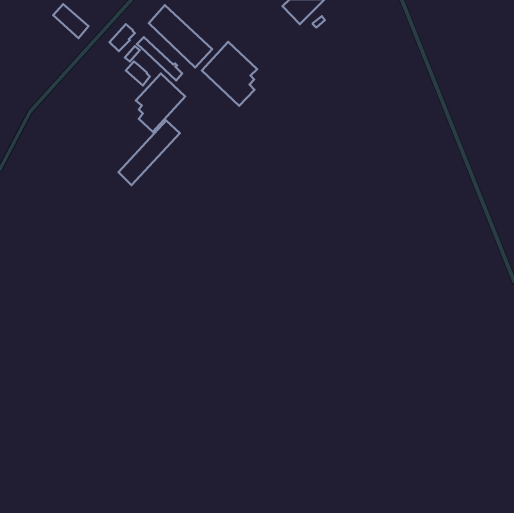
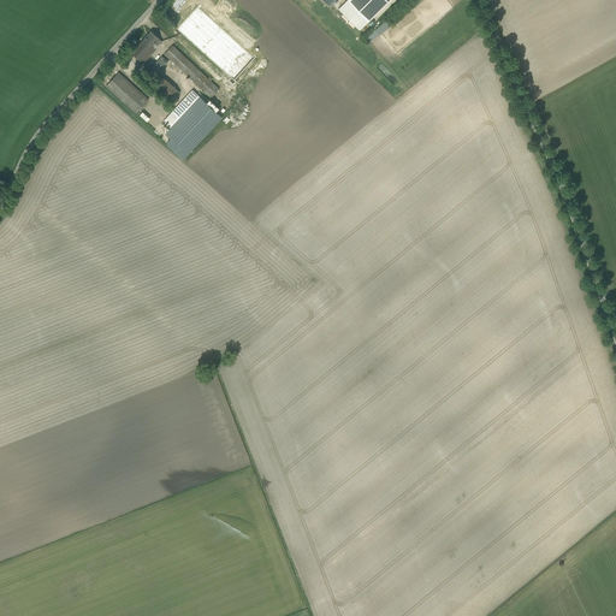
building: [53,4,88,38] -> [106,71,148,112]
building: [202,42,257,106] -> none
building: [119,120,180,185] -> none

